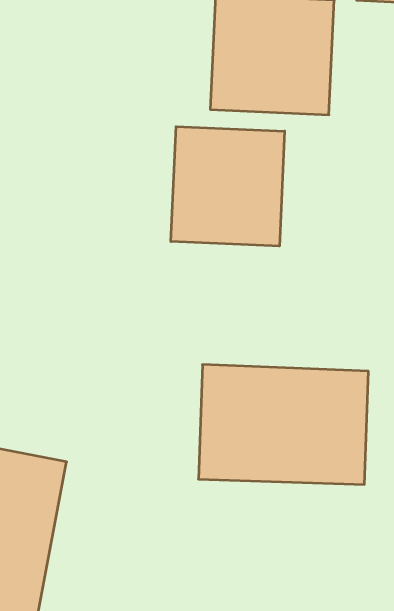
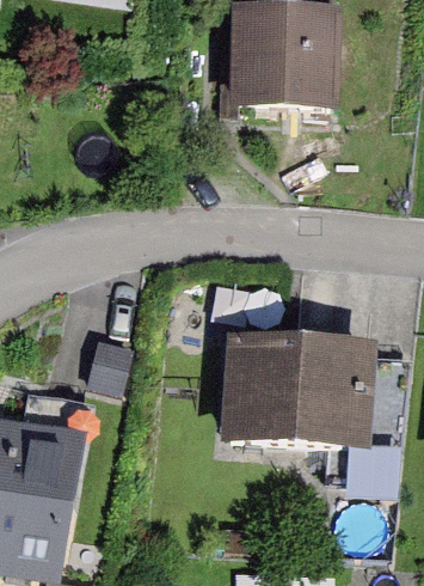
building: [171,127,285,246] -> none

